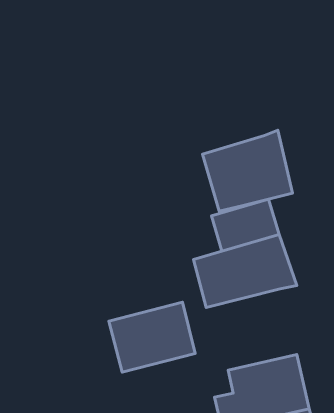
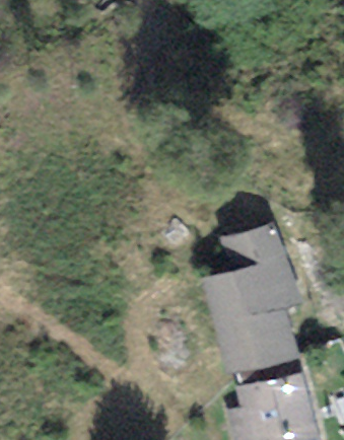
building: [203,130,292,211] -> none
building: [109,302,195,372] -> [214,308,298,376]

